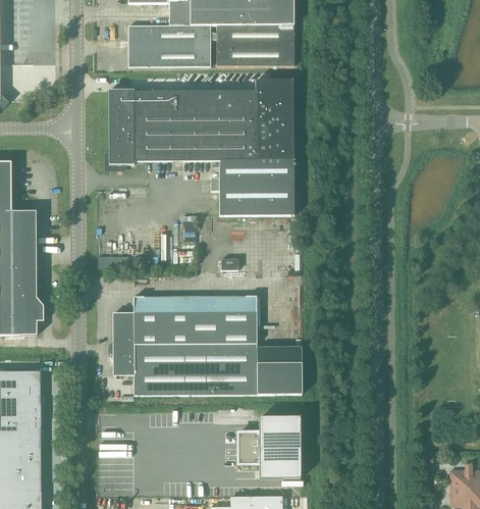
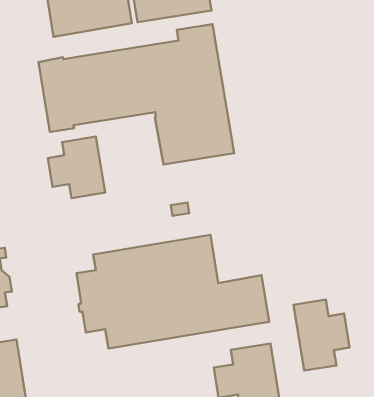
building: none -> [48,137,105,198]
building: none -> [294,300,350,371]

